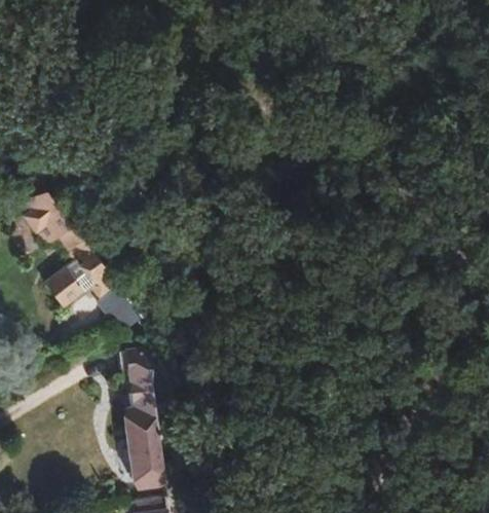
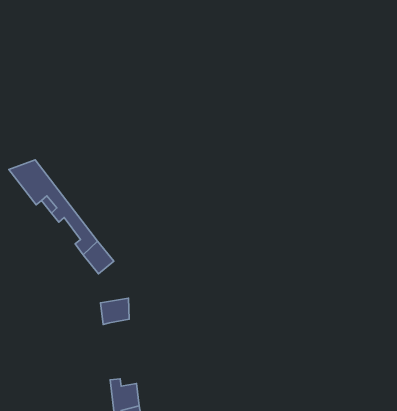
building: [45,258,97,308] -> none
building: [127,373,160,449] -> none

